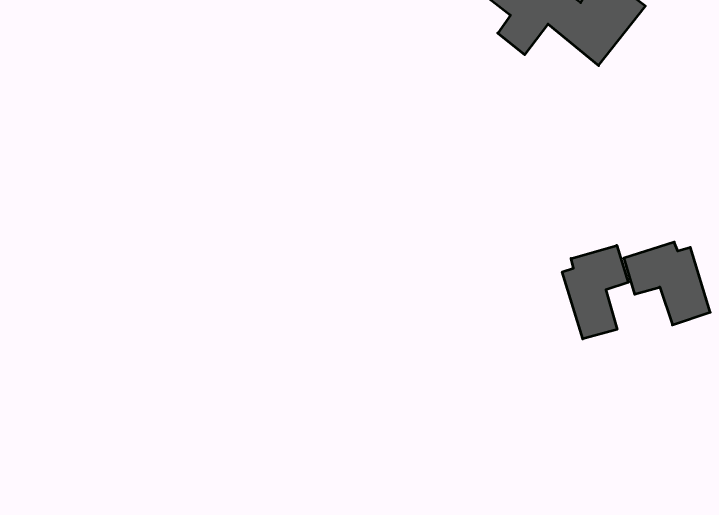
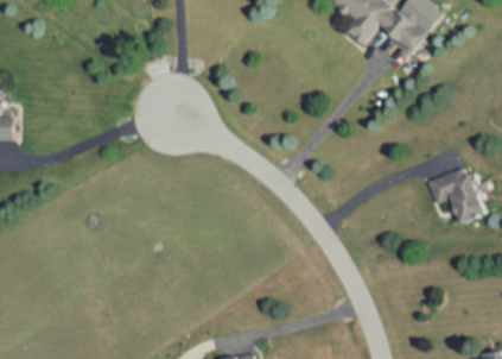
building: [562,245,628,339] -> none

